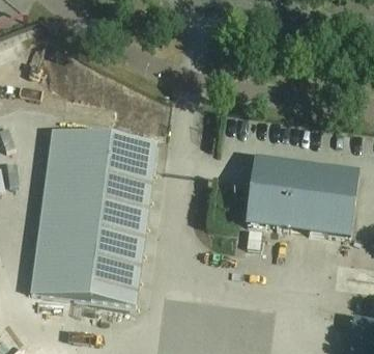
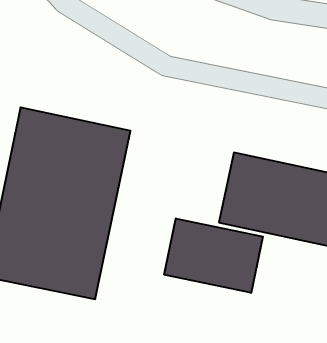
building: none -> [164,218,263,293]

